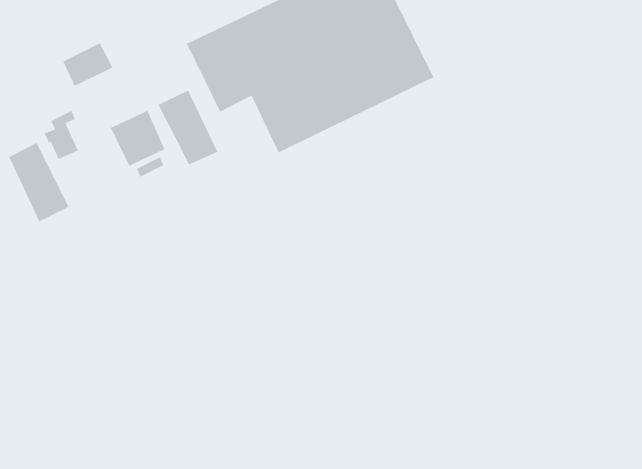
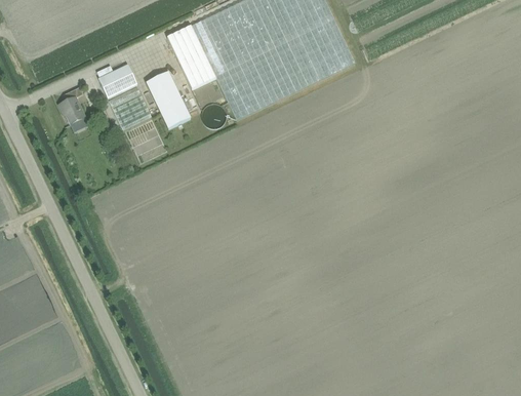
building: [62,42,114,87] -> [98,64,137,97]
building: [8,142,70,223] -> none

